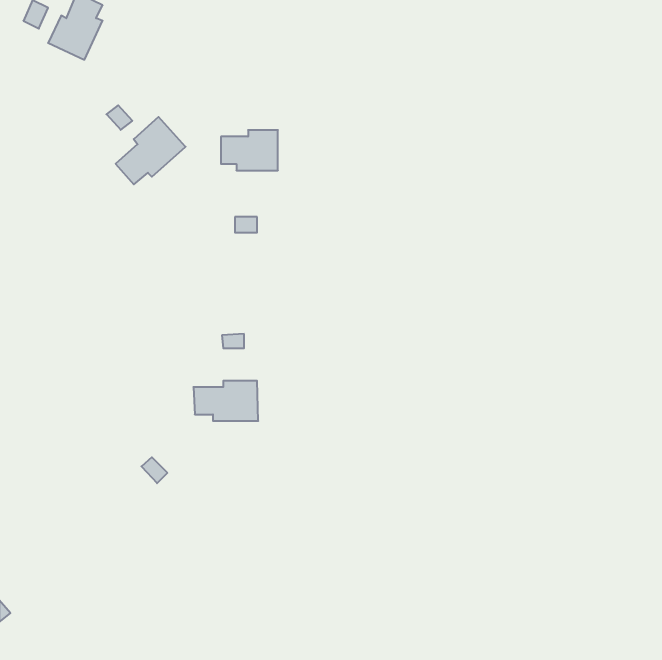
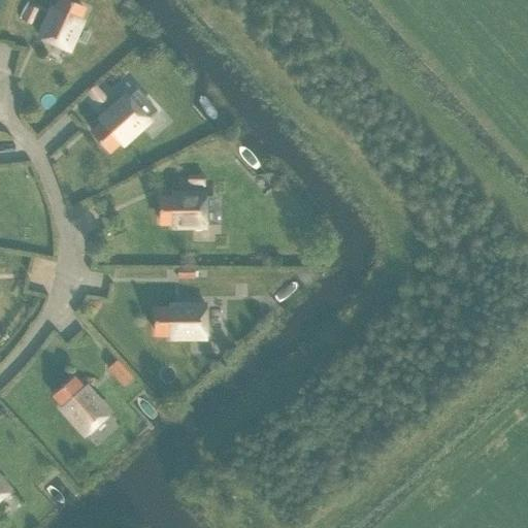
building: [221,130,278,170] -> [159,191,204,223]
building: none -> [55,375,108,431]

